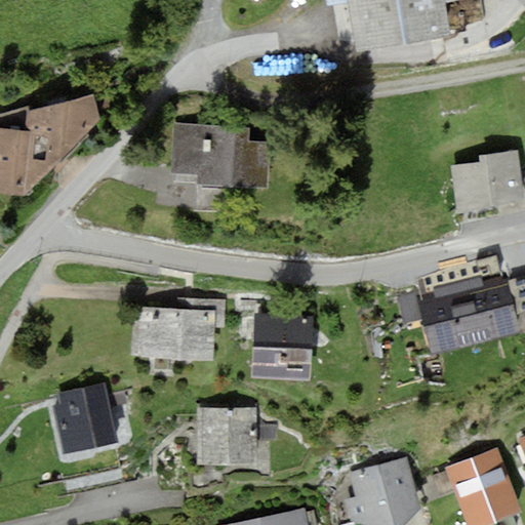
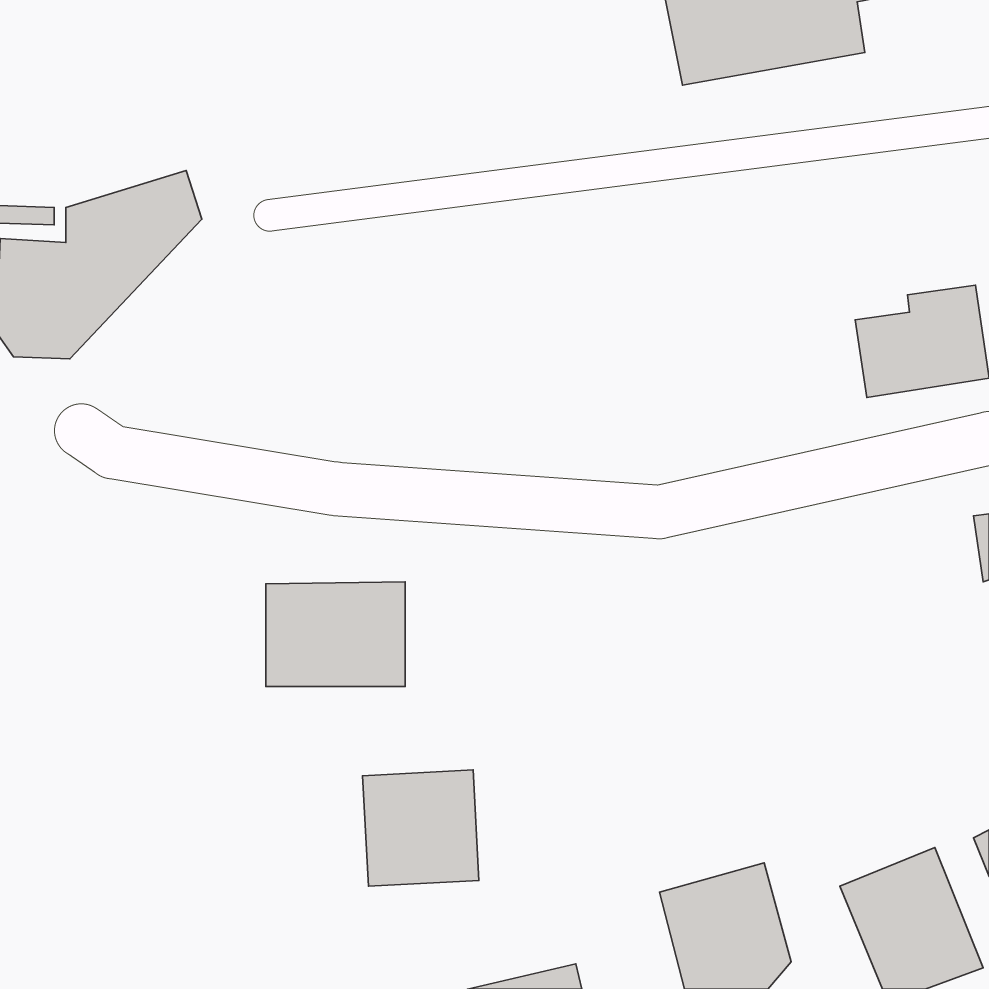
building: [179,124,276,185] -> none
building: [414,265,519,354] -> none
building: [250,315,309,381] -> none
building: [49,385,115,453] -> none

